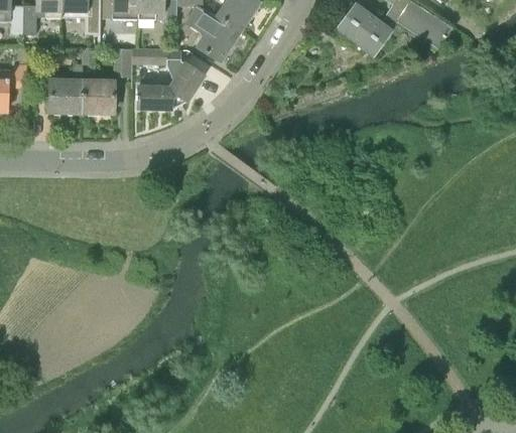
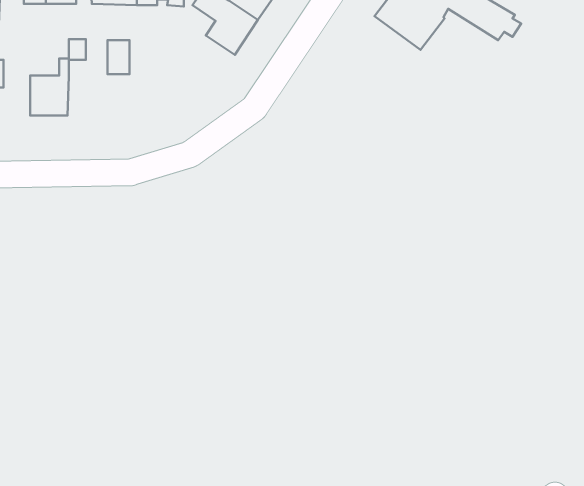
building: [132,48,169,65] -> none
building: [138,61,204,109] -> none
building: [81,78,115,115] -> none

